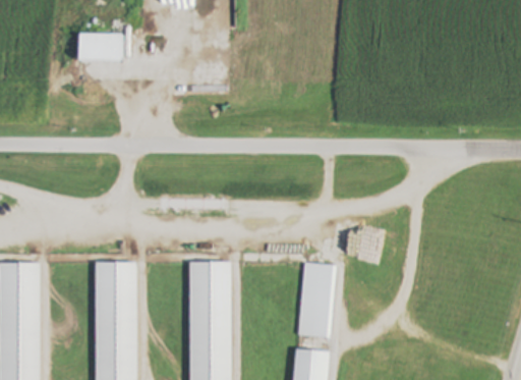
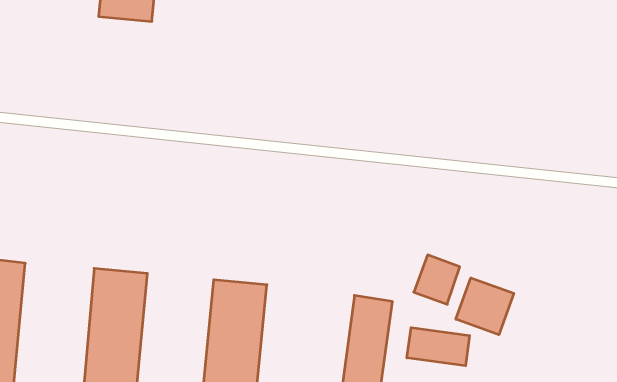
building: none -> [456,278,514,335]
building: none -> [407,328,470,366]

